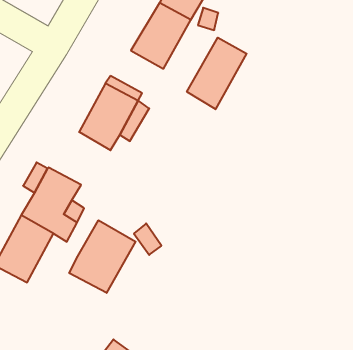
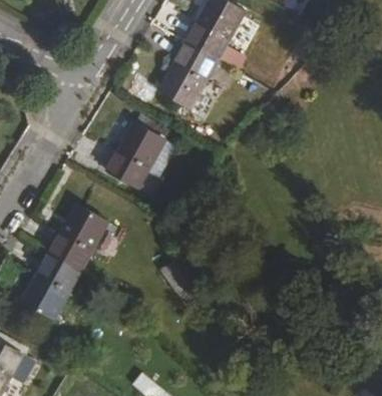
building: [187,38,247,109] -> none
building: [69,220,136,293] -> none

